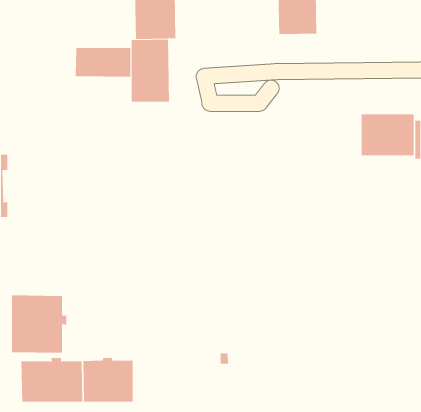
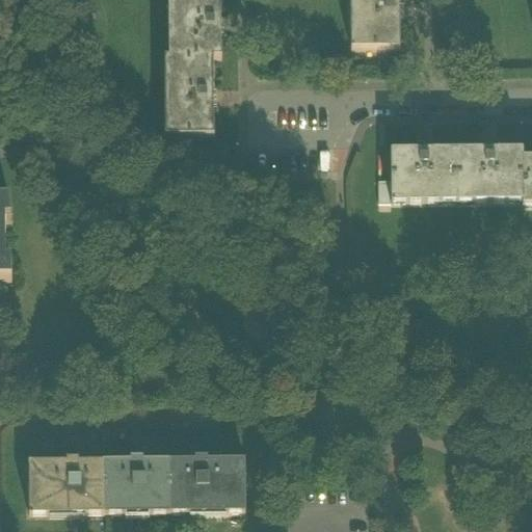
building: [75,47,131,78] -> none
building: none -> [391,143,455,197]
building: [12,295,67,353] -> none
building: none -> [168,450,245,507]

